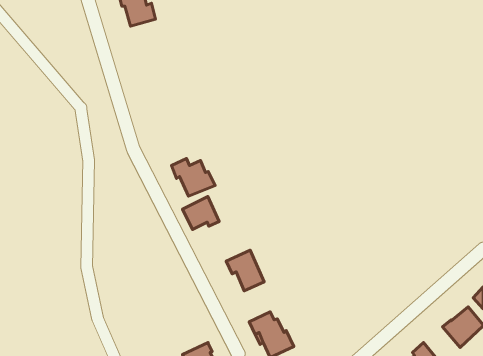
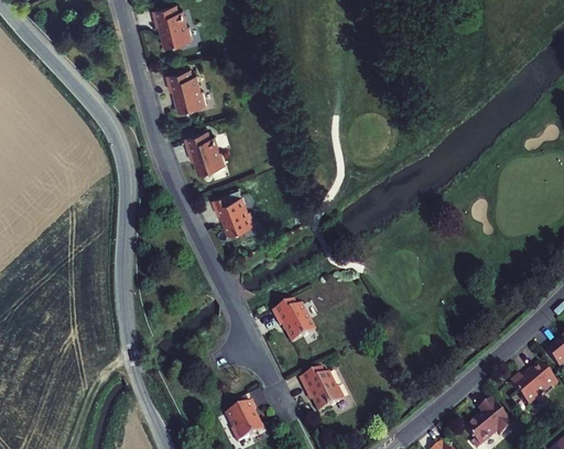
building: none -> [164,67,209,113]
building: none -> [182,130,229,177]
building: [183,197,219,230] -> none

